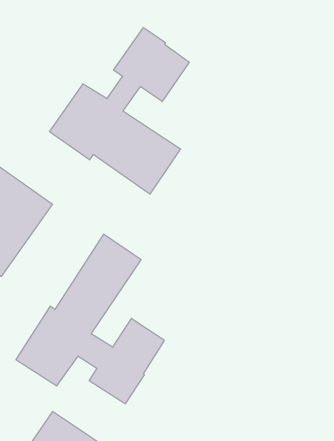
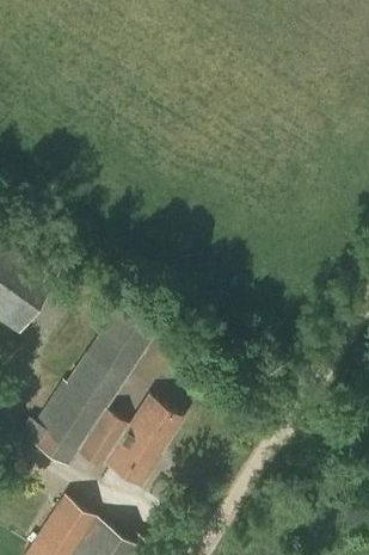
building: [50,28,189,194] -> none

